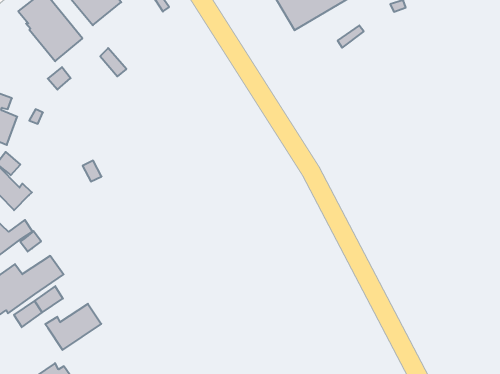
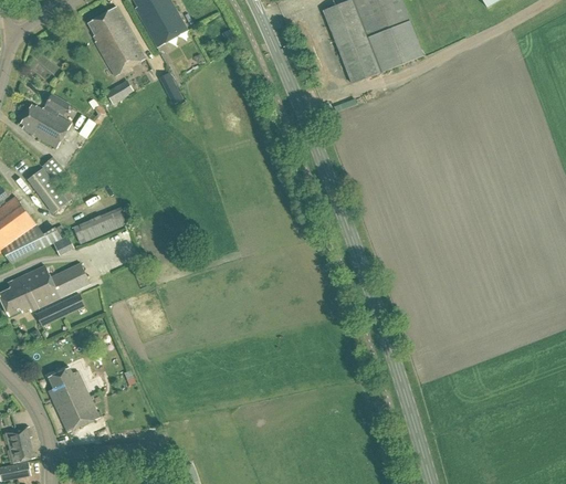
building: none -> [73,209,128,243]
building: [45,304,101,350] -> none

